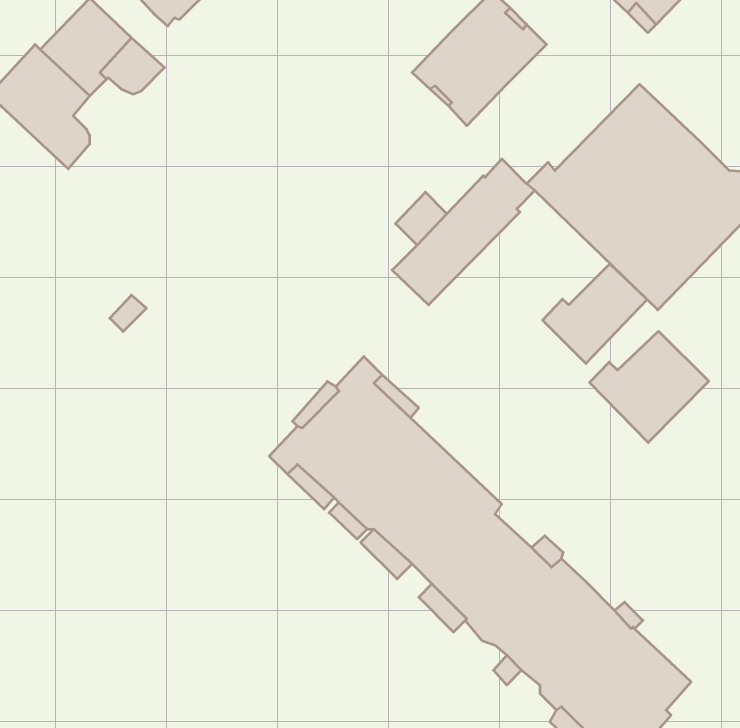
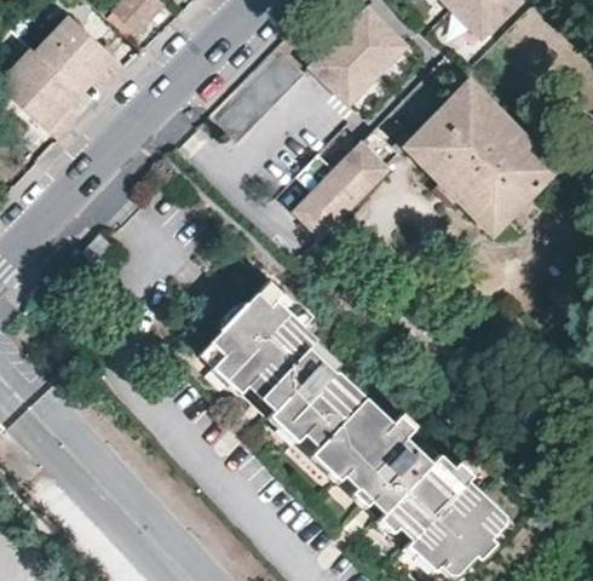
building: none -> [219,50,303,134]
building: [543,264,647,364] -> none
building: [590,331,709,443] -> none

